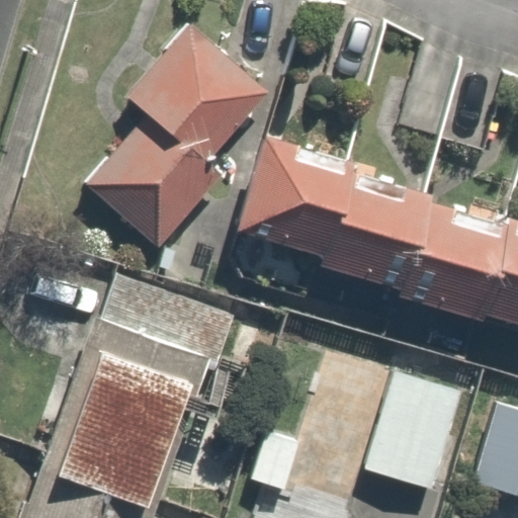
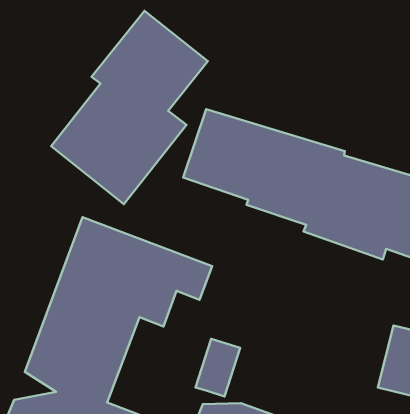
building: [366,372,464,488] -> none

